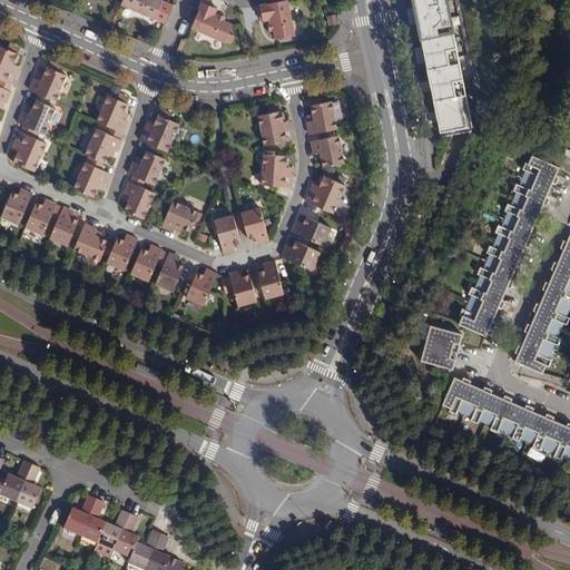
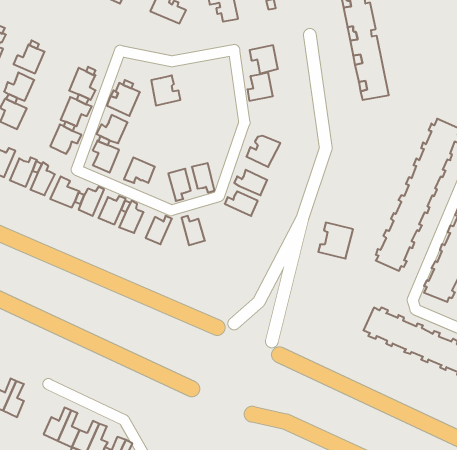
building: [256,109,291,145] -> [151,75,180,106]
building: [308,135,342,168] -> [250,45,278,74]
building: [259,157,291,189] -> none
building: [256,259,282,296] -> none
building: [420,325,461,367] -> [318,223,353,259]

